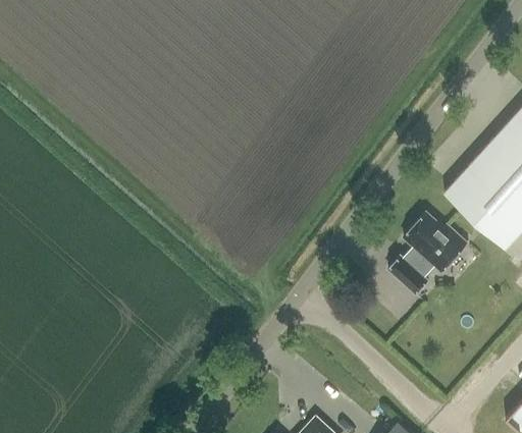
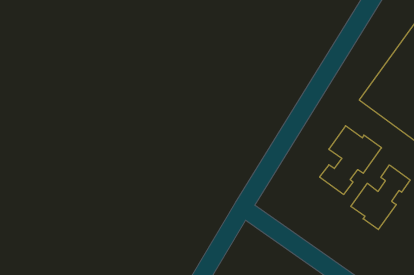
building: none -> [351,165,410,230]

